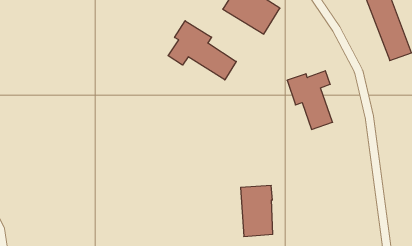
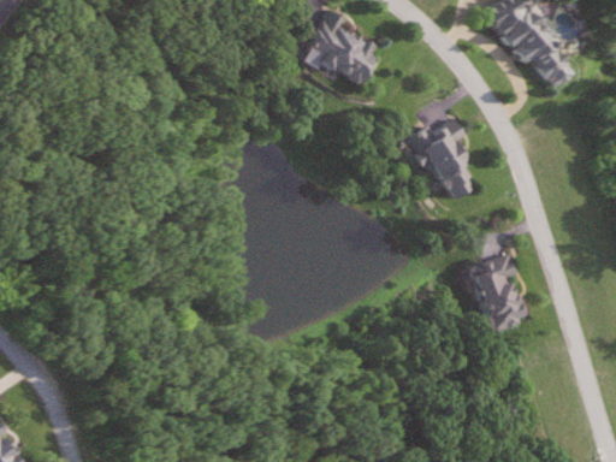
building: [168,21,236,80] -> none
building: [241,186,273,236] -> [469,255,523,330]

